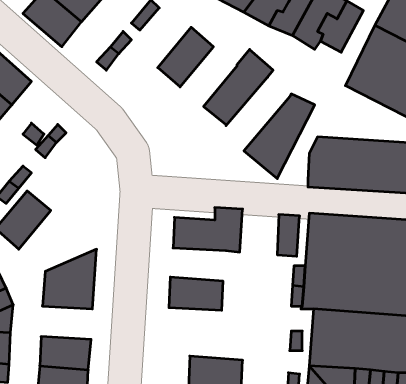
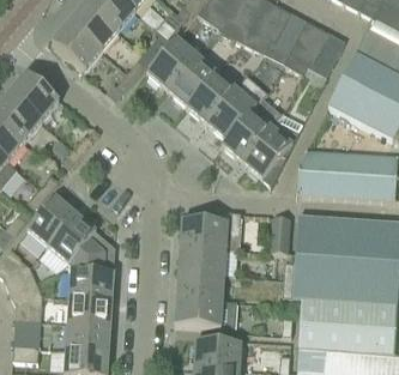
building: none -> [146,38,195,90]
building: none -> [186,72,246,123]
building: none -> [220,98,280,162]
building: none -> [47,213,114,266]
building: none -> [177,246,225,274]
building: none -> [66,296,110,325]
building: none -> [174,297,236,327]

